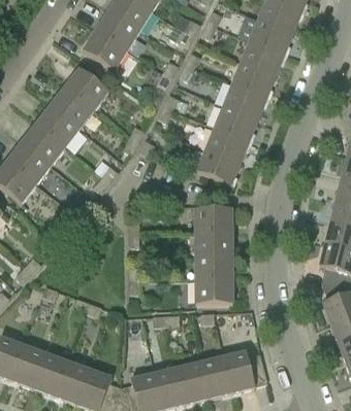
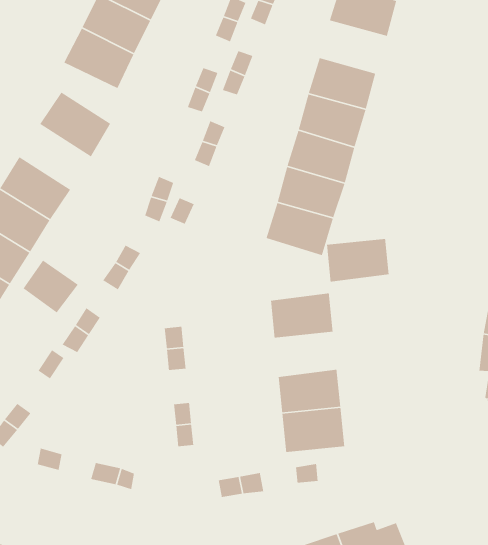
building: [241,40,284,75] -> none
building: [50,85,94,128] -> none
building: [195,232,232,255] -> [326,238,390,282]

